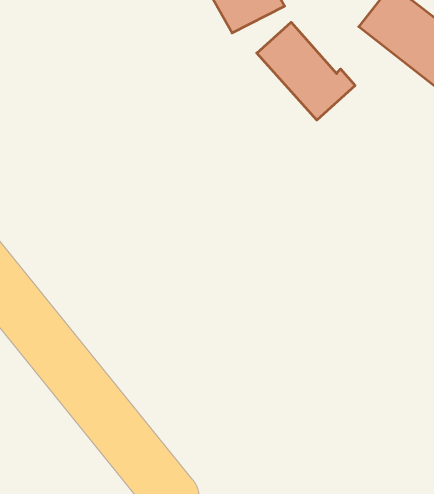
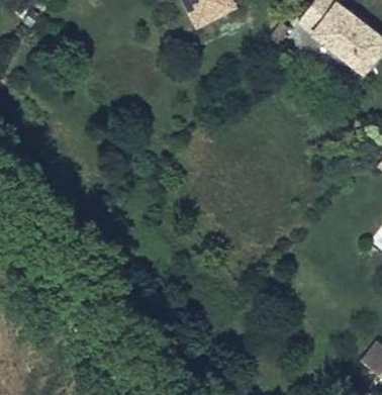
building: [257,22,355,120] -> none

